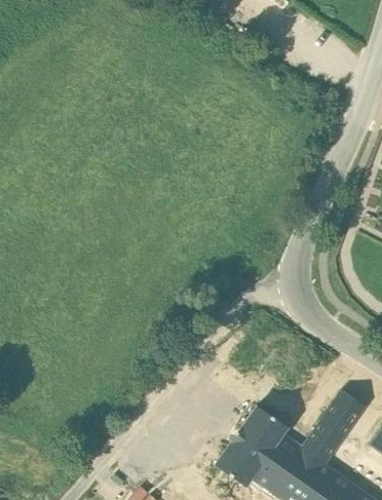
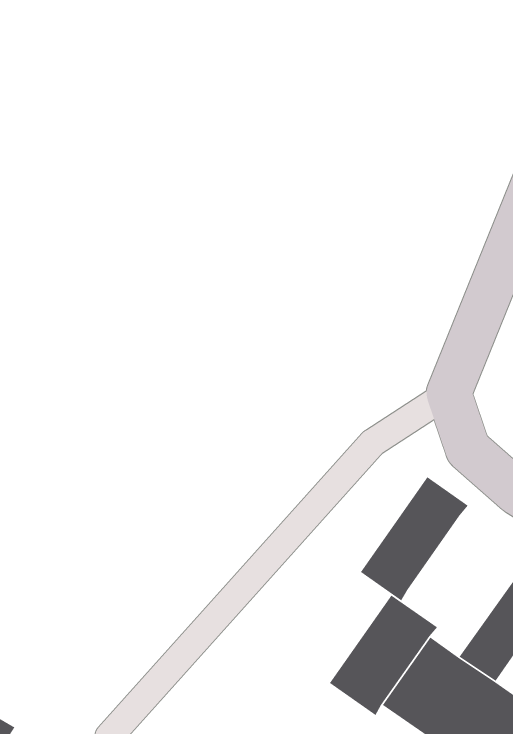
building: none -> [360,476,469,601]

